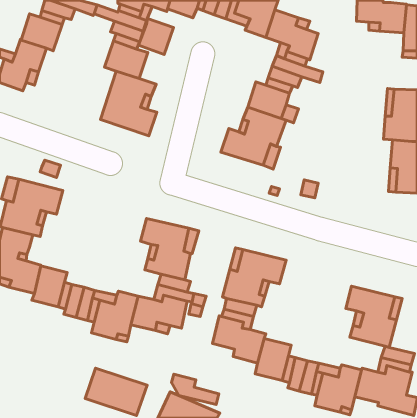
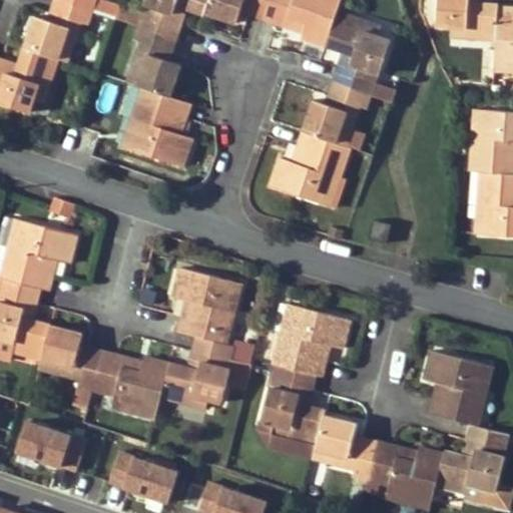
building: [138,19,173,54] -> none
building: none -> [14,422,85,476]
building: [171,374,219,405] -> [258,421,316,458]

